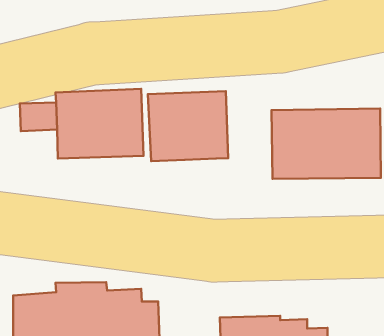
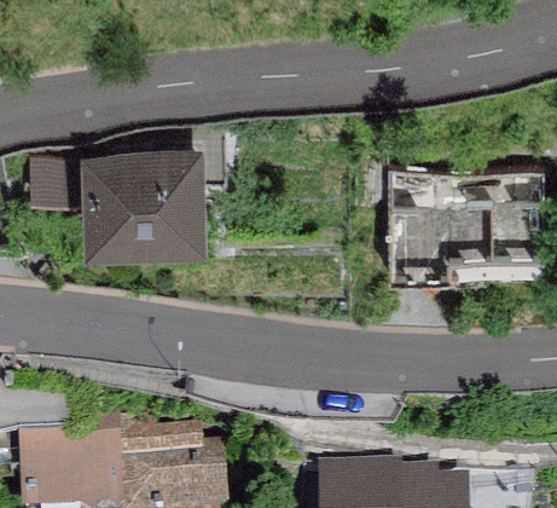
building: [148,91,228,161] -> none

